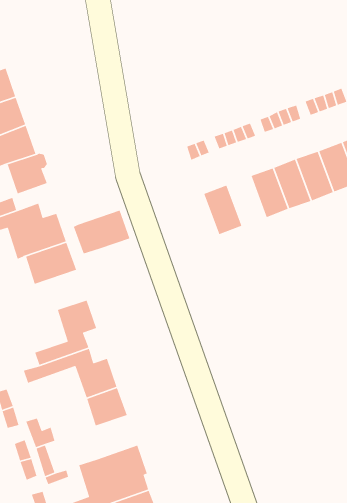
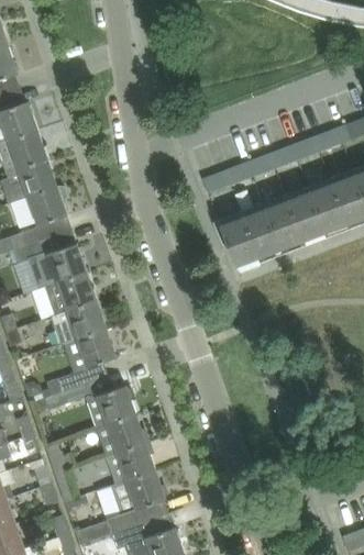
building: none -> [241,208,279,257]
building: [73,210,130,255] -> [48,300,104,344]
building: none -> [108,442,154,485]

